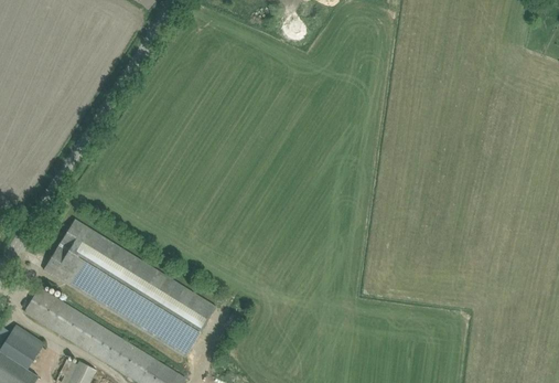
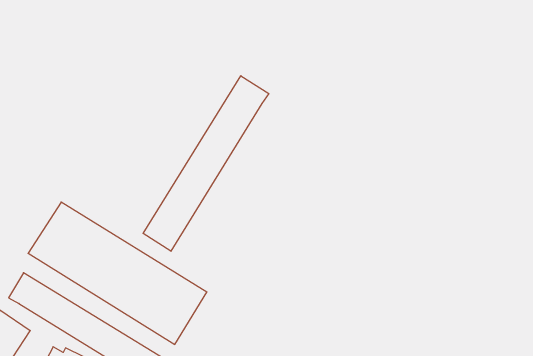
building: none -> [143,76,269,251]

